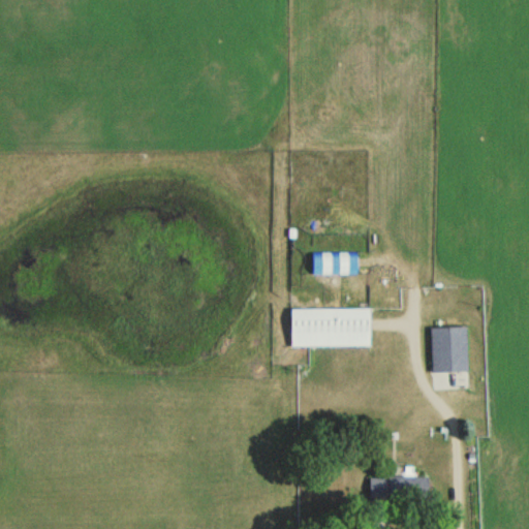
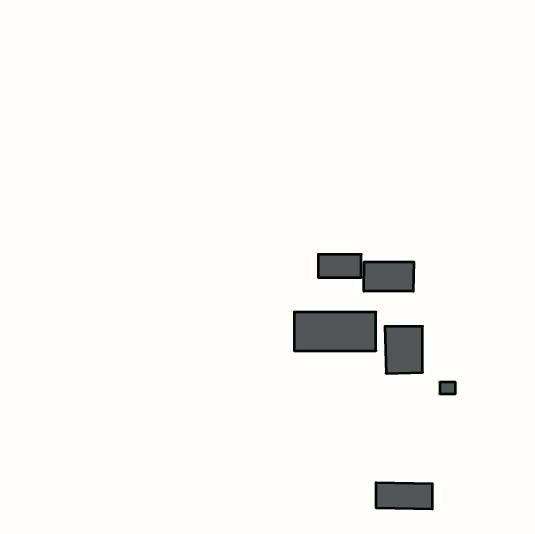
building: none -> [364,262,414,291]
building: [431,328,468,374] -> [385,326,423,373]

